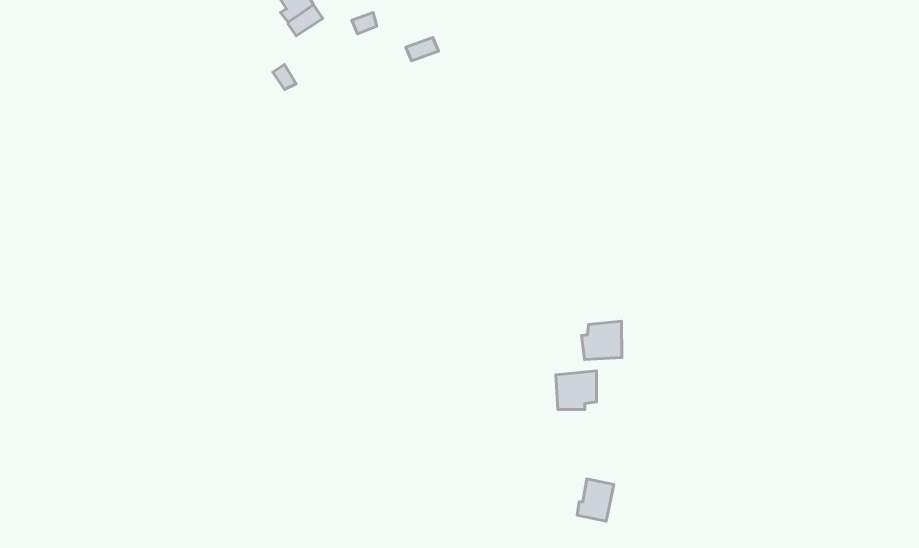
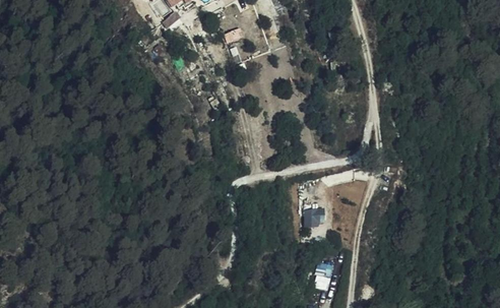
building: [581,321,622,359] -> none

